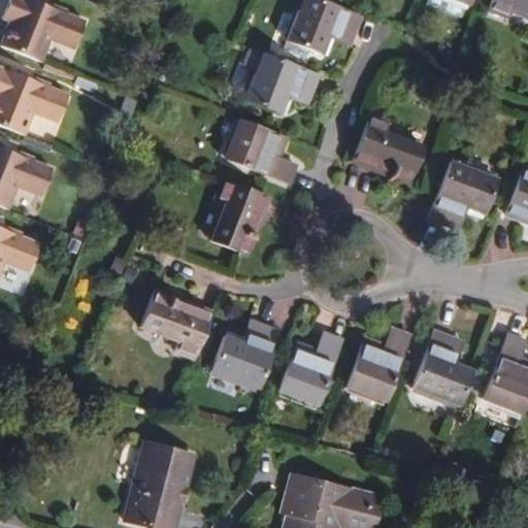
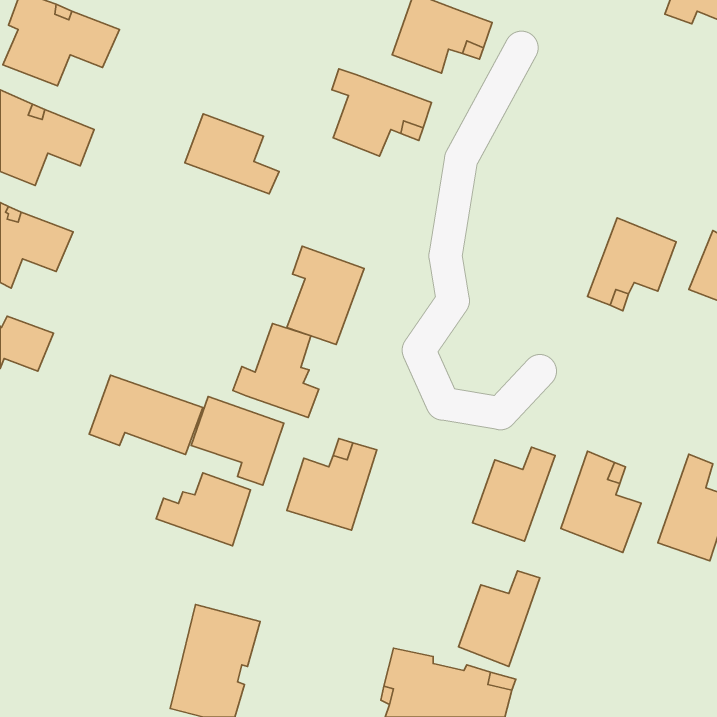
building: [353,116,423,180] -> none
building: [228,122,297,180] -> [185,114,279,194]
building: none -> [233,324,319,418]
building: none -> [89,375,203,455]
building: [282,332,341,402] -> [458,571,540,667]
building: none -> [156,473,251,546]

